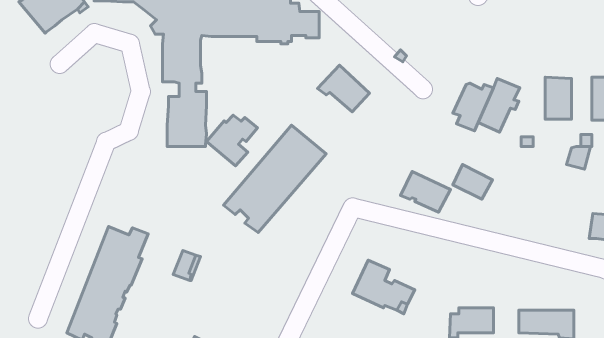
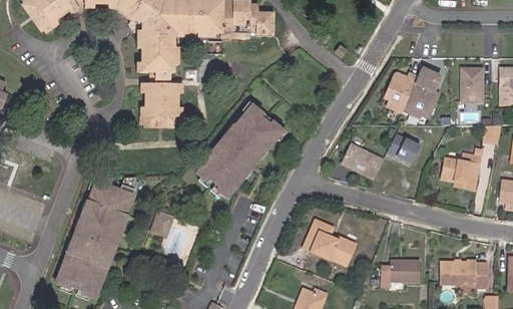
building: [318,65,370,112] -> none
building: [207,115,258,166] -> none
building: none -> [442,151,479,189]

